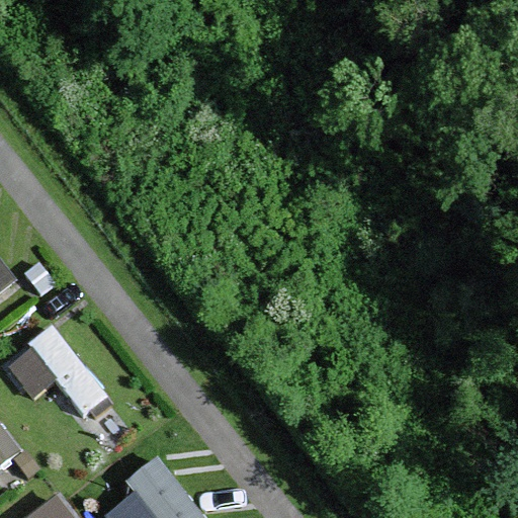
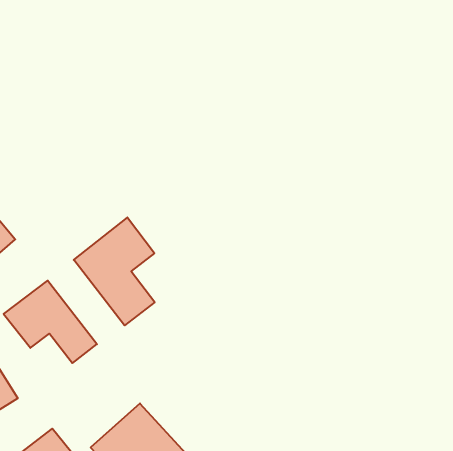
building: none -> [74,217,155,325]

